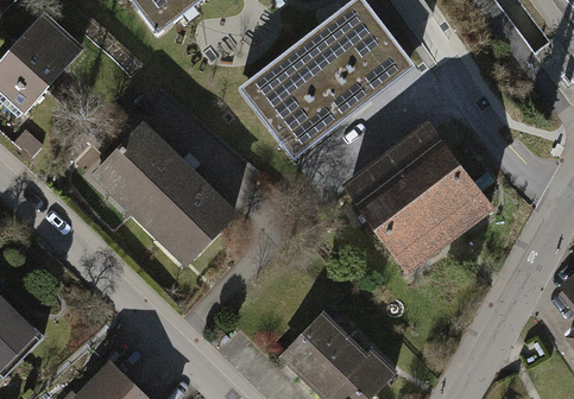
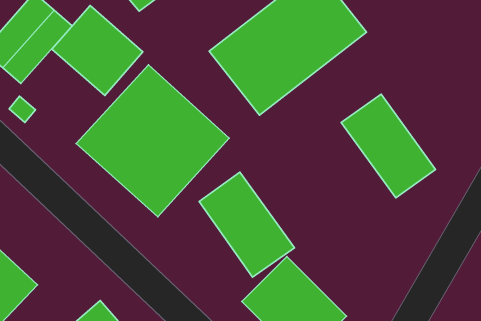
building: none -> [52,5,143,95]
building: [342,158,450,277] -> [199,172,294,277]

